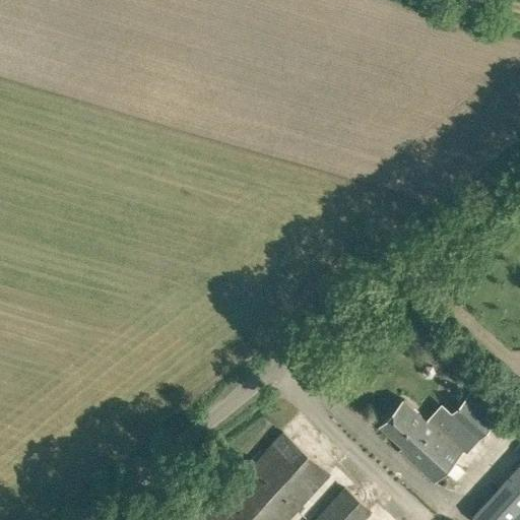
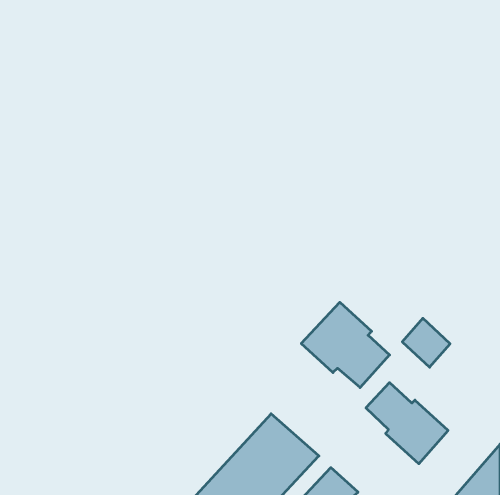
building: none -> [301,302,390,388]
building: [449,395,499,446] -> [402,318,450,367]

